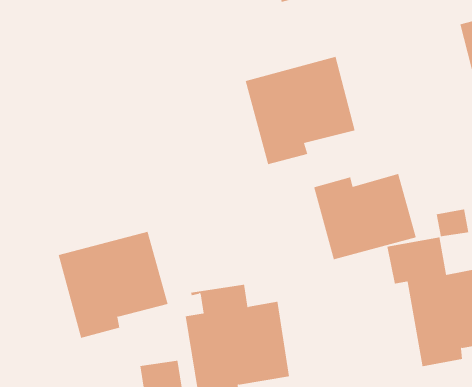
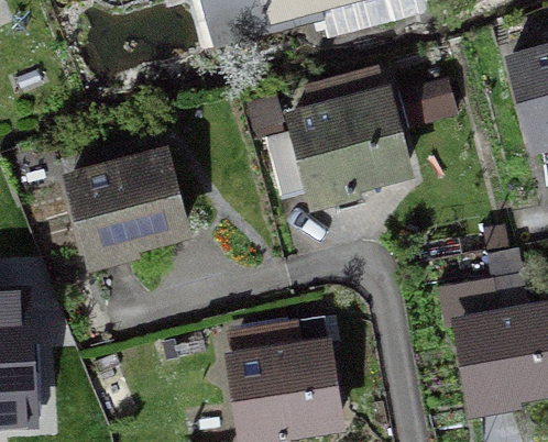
building: [314,173,417,260] -> none
building: [58,231,169,339] -> [67,148,180,258]

